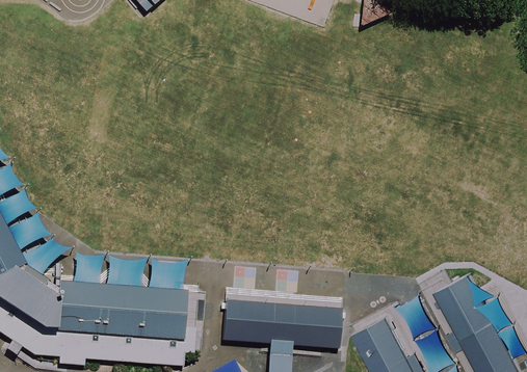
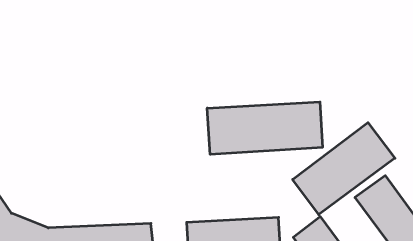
building: none -> [207,102,322,154]
building: none -> [293,123,395,215]

